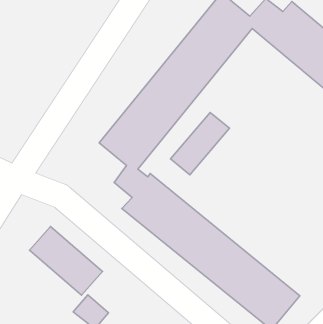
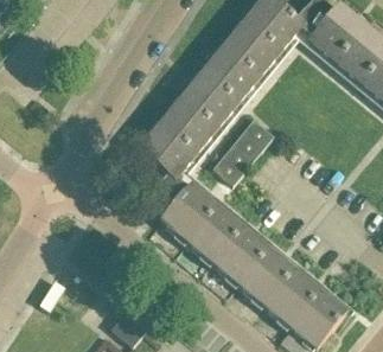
building: [30,227,102,295] -> none

